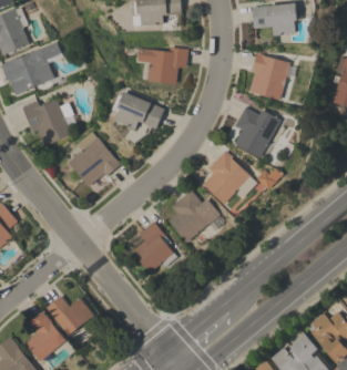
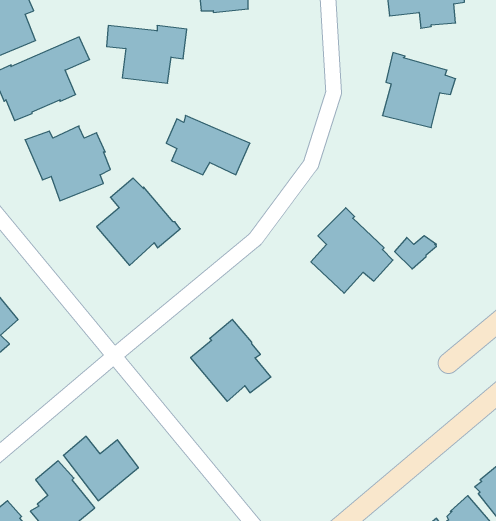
building: [137,48,188,84] -> [107,26,187,83]
building: [234,107,282,158] -> none
building: [169,191,223,243] -> none

